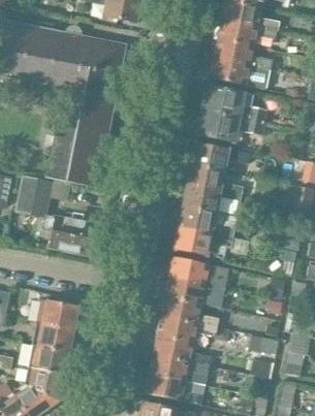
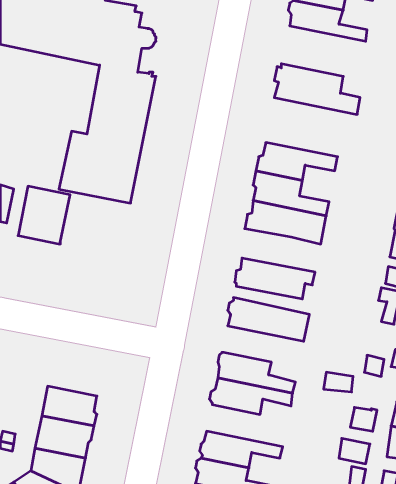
building: [209,57,271,89] -> none
building: [196,109,264,140] -> none
building: [180,205,235,237] -> none
building: [44,216,94,254] -> none
building: [164,277,225,308] -> none
building: [37,298,78,328] -> none
building: [154,334,212,365] -> none

